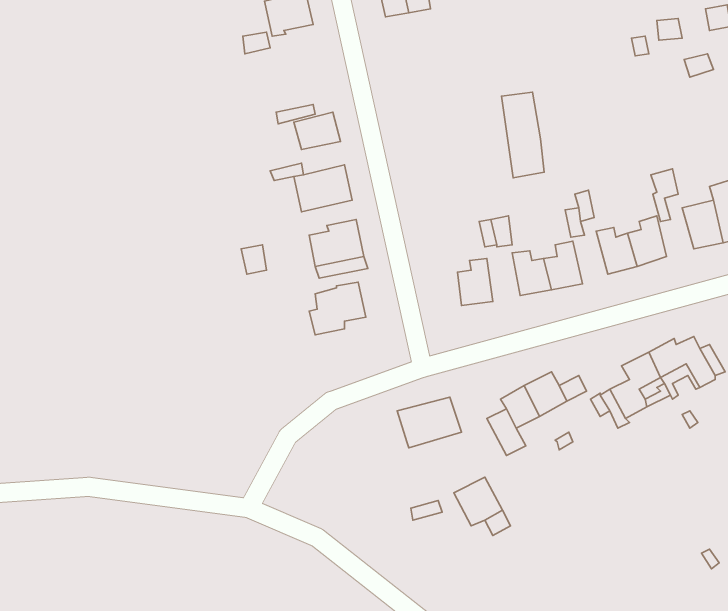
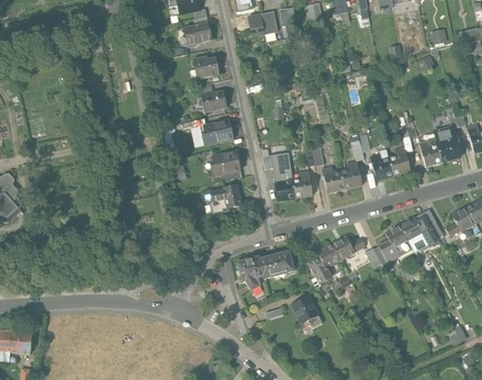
building: none -> [193,54,220,78]
building: [501,92,544,178] -> [271,152,295,200]
building: none -> [238,254,265,289]

